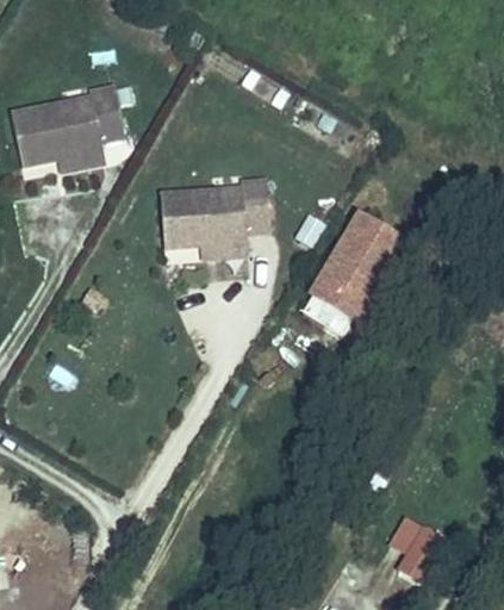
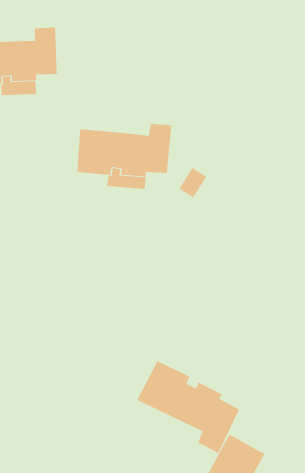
building: [295,222,398,340] -> none
building: none -> [137,360,240,454]

